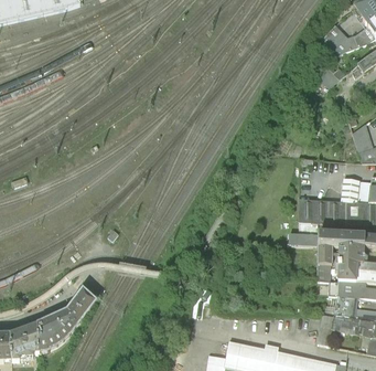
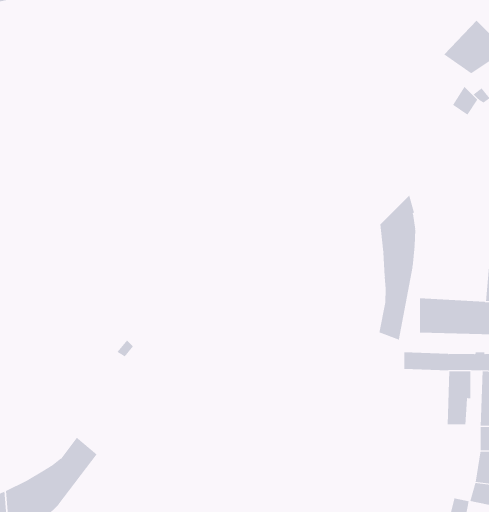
building: none -> [379,195,416,341]

